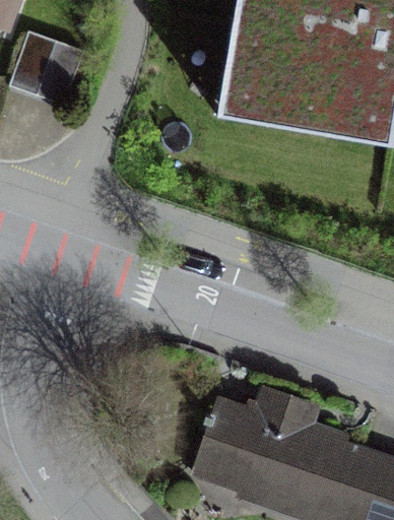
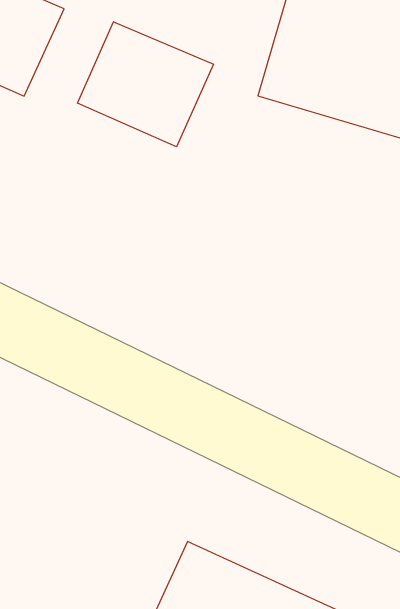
building: none -> [77,22,214,147]

